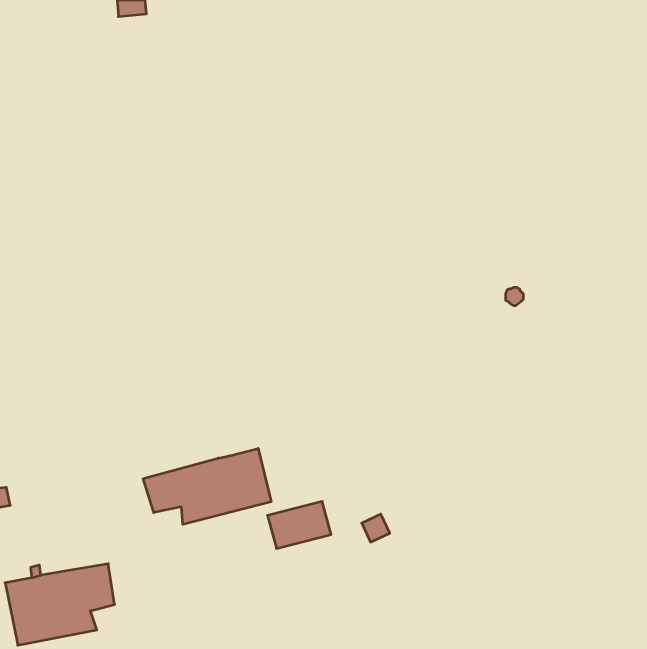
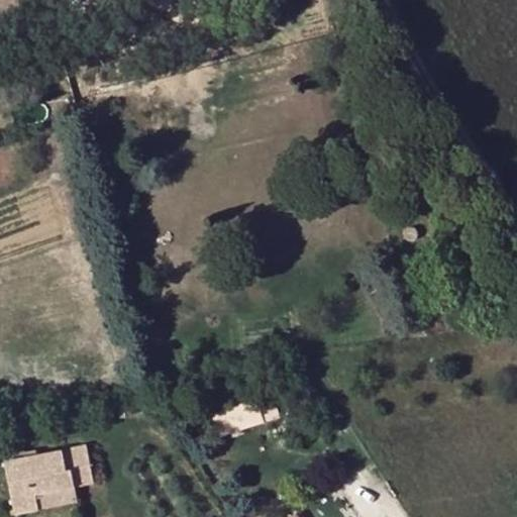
building: [143,448,271,524] -> none

